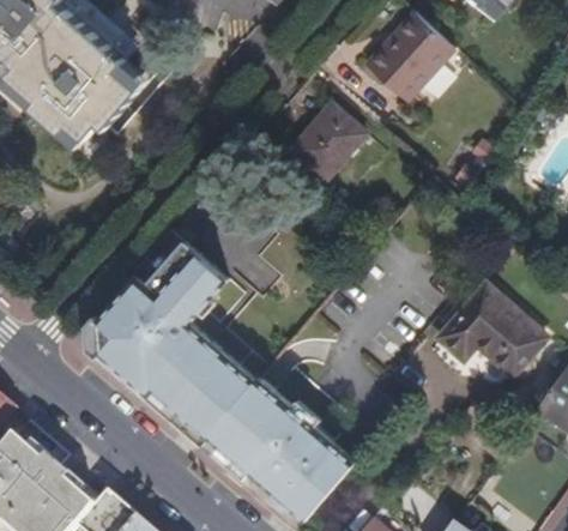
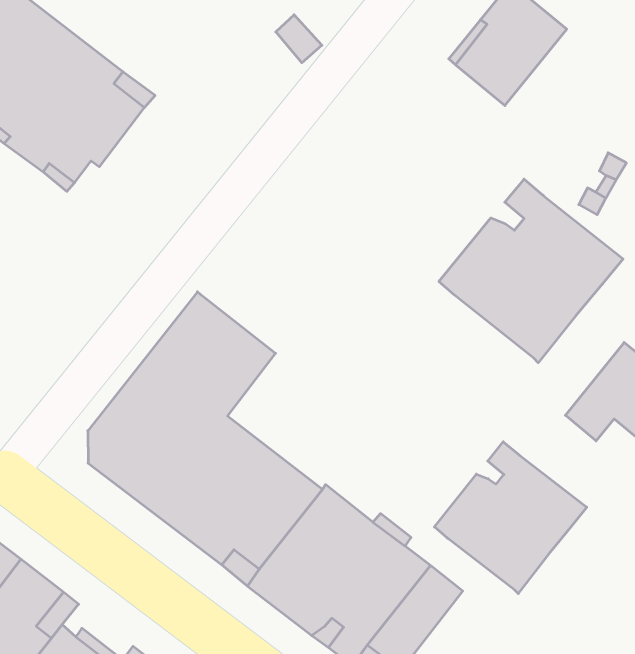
building: [291,104,364,180] -> none
building: none -> [439,179,623,363]
building: none -> [434,442,587,594]

